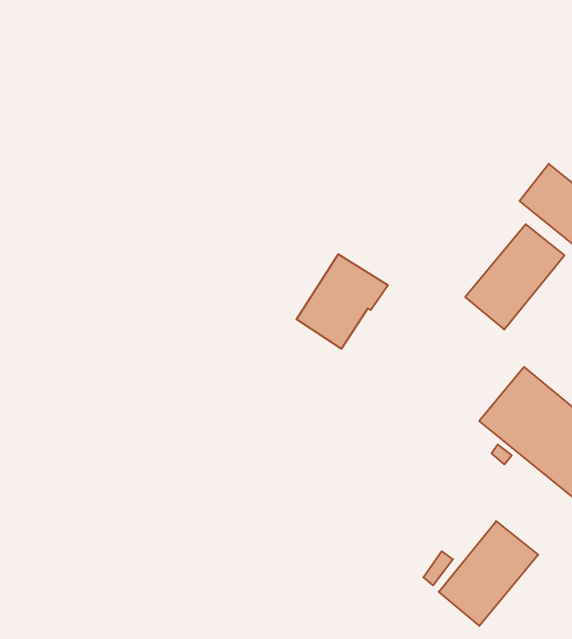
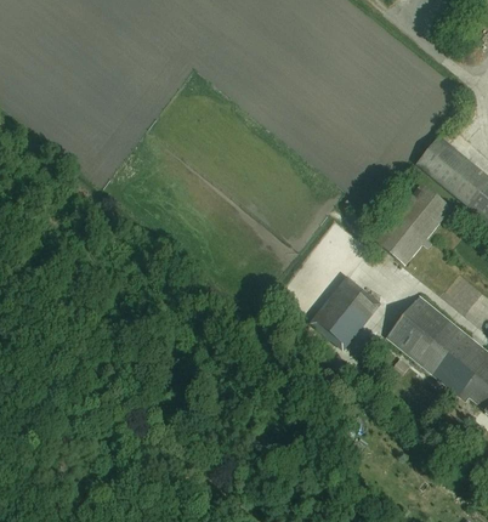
building: [296,254,388,349] -> [310,274,381,348]
building: [439,521,538,626] -> none

